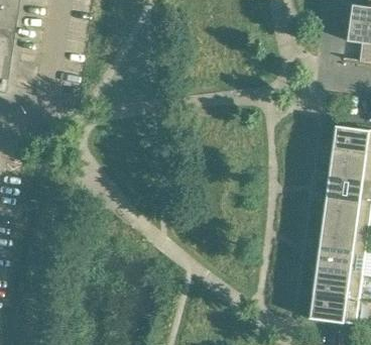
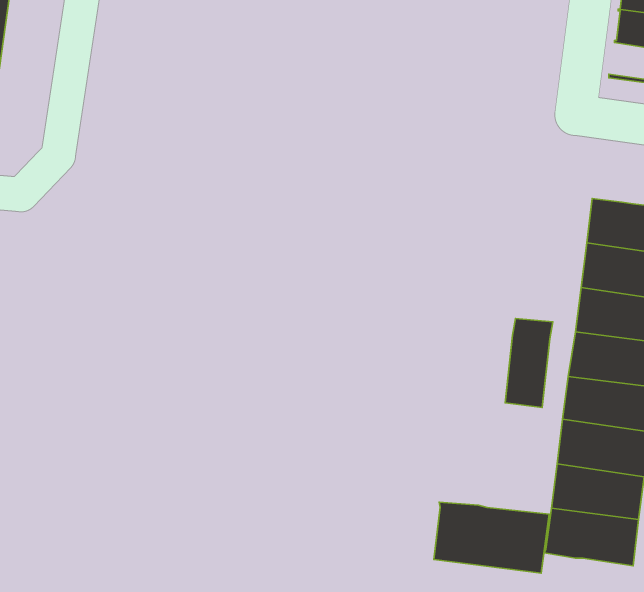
building: none -> [505,318,553,408]
building: none -> [434,502,549,573]

